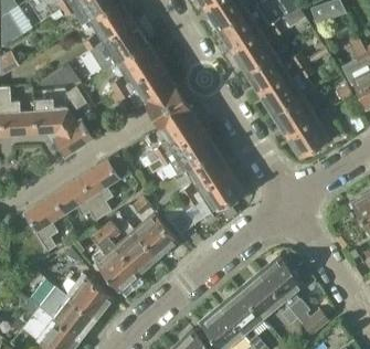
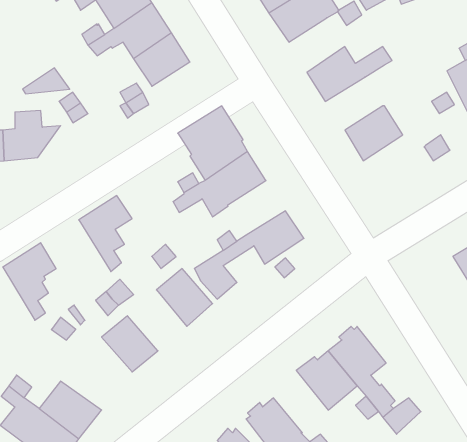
building: [232,32,273,72] -> none
building: [258,63,314,114] -> none
building: [133,64,183,116] -> none
building: [50,110,92,157] -> none
building: [286,117,329,157] -> none
building: [188,150,230,190] -> none
building: [52,179,103,221] -> none
building: [115,230,158,274] -> none
building: [66,274,113,317] -> none
building: [221,288,261,334] -> none

